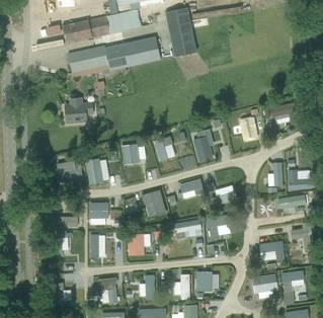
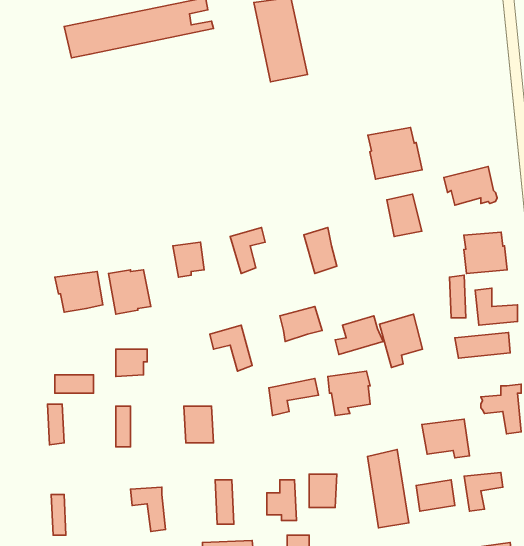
building: [68,34,160,72] -> none
building: none -> [368,127,422,179]
building: [65,97,93,123] -> none
building: none -> [464,232,507,274]
building: none -> [379,314,422,368]
building: none -> [367,450,409,528]

